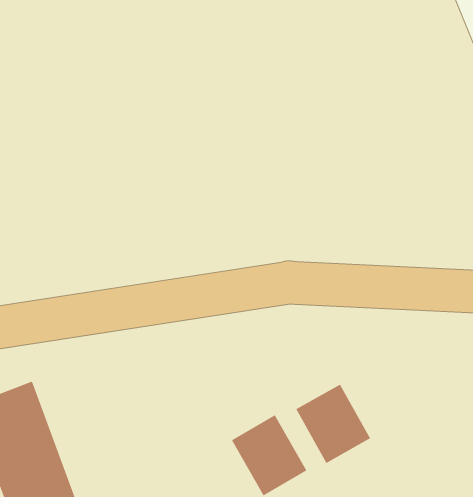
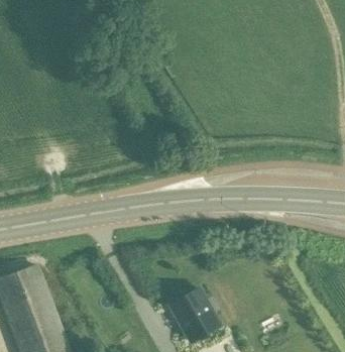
building: [296,384,371,464] -> none

